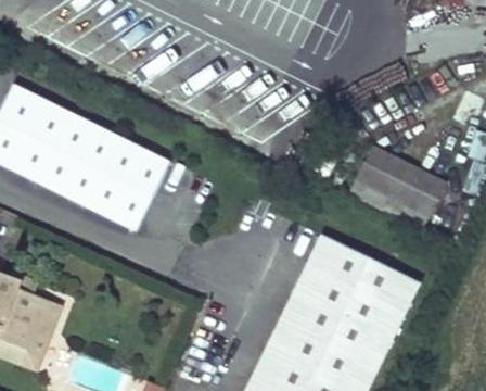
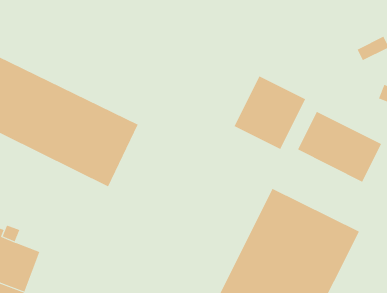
building: none -> [234,76,306,150]

